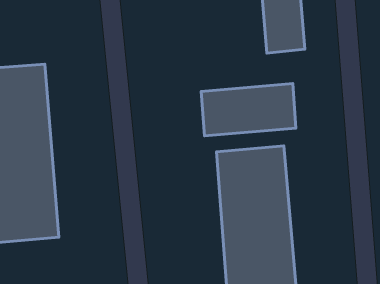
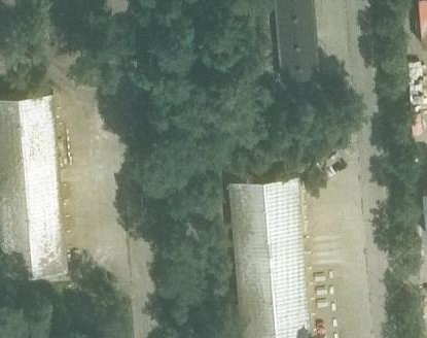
building: [201,84,296,136] -> none

